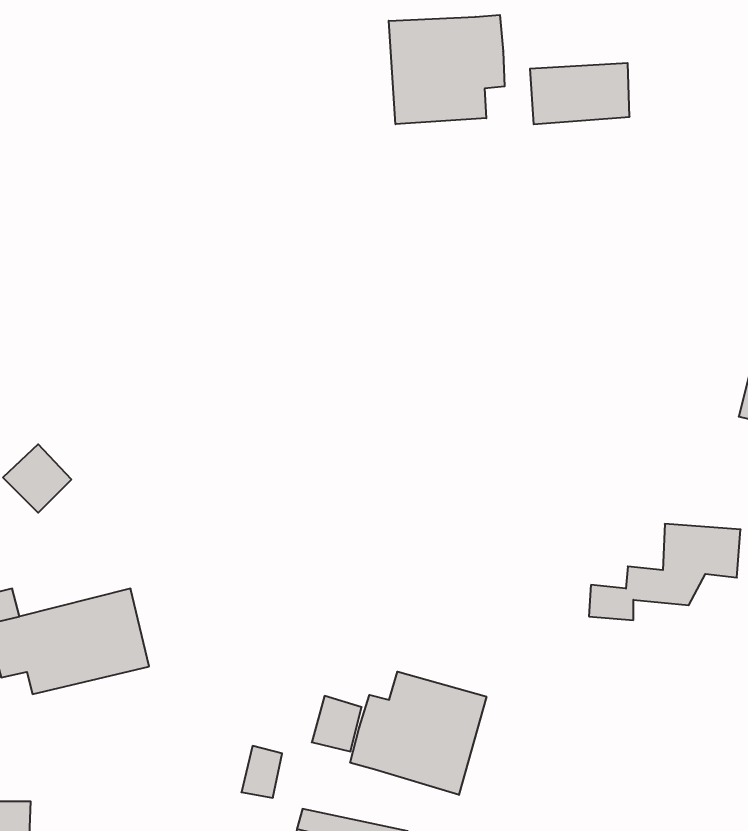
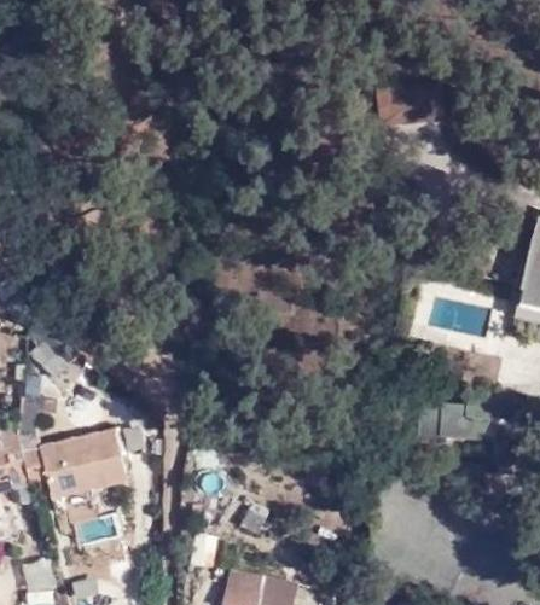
building: [389,15,505,124] -> none
building: [350,672,486,795] -> none

